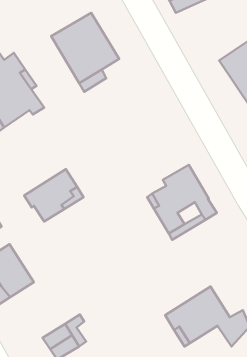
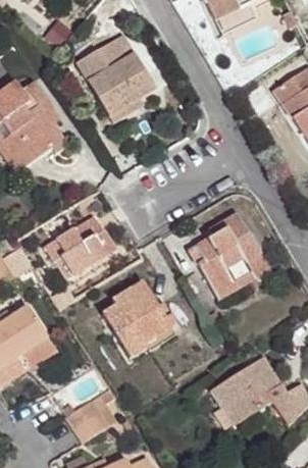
building: none -> [102,281,176,358]

